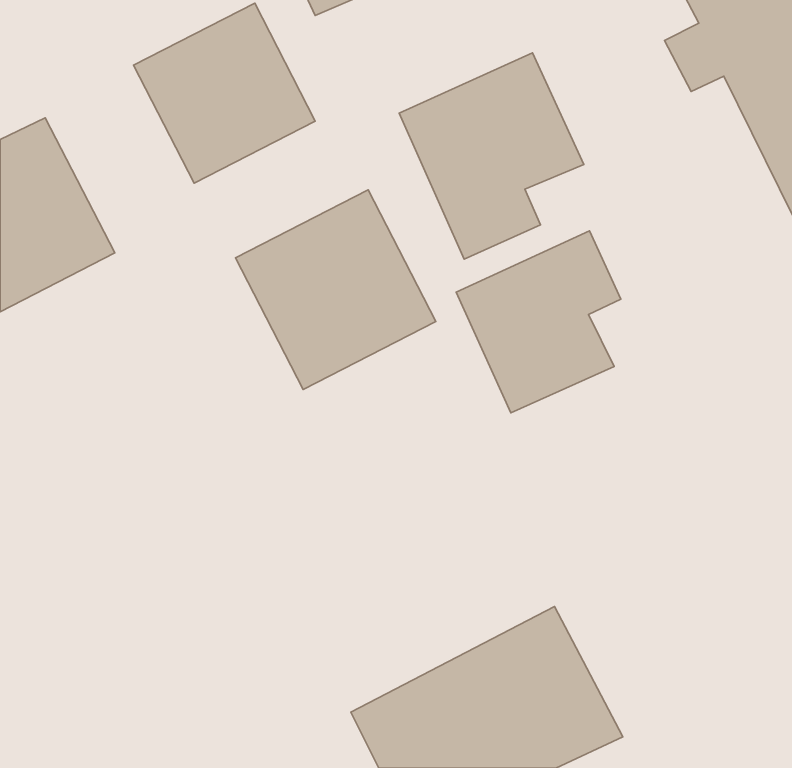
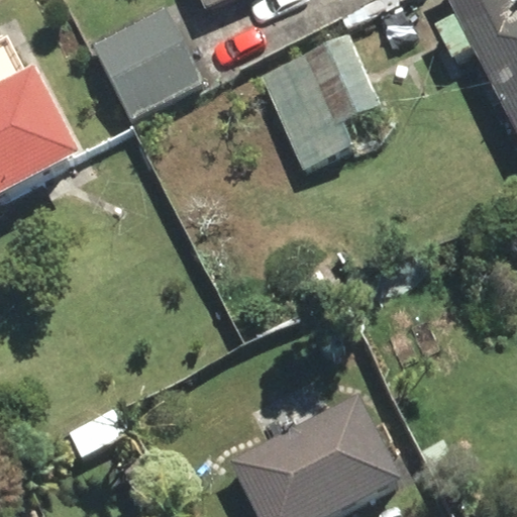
building: [236,190,436,389] -> none
building: [456,231,621,413] -> none

